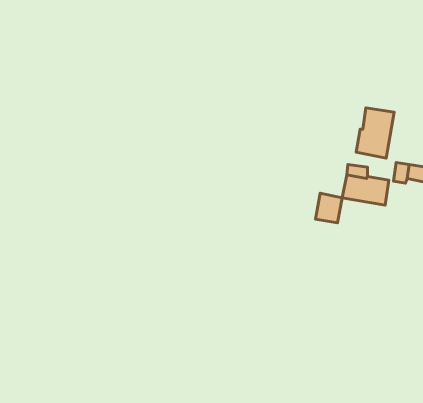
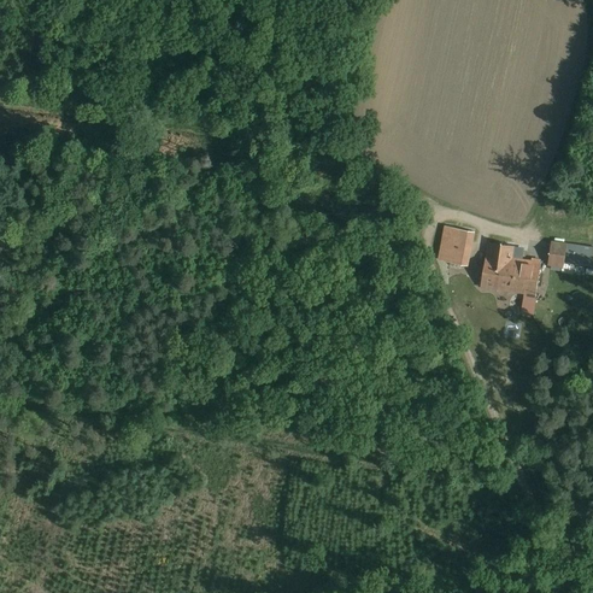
building: [356,108,394,158] -> none
building: [315,193,342,223] -> [438,227,472,265]

